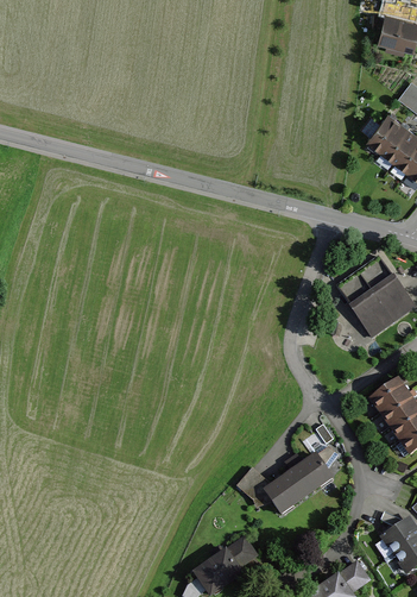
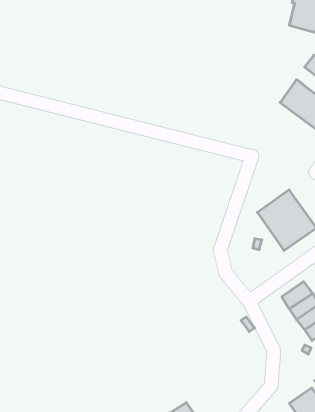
building: [236,445,337,515] -> none

